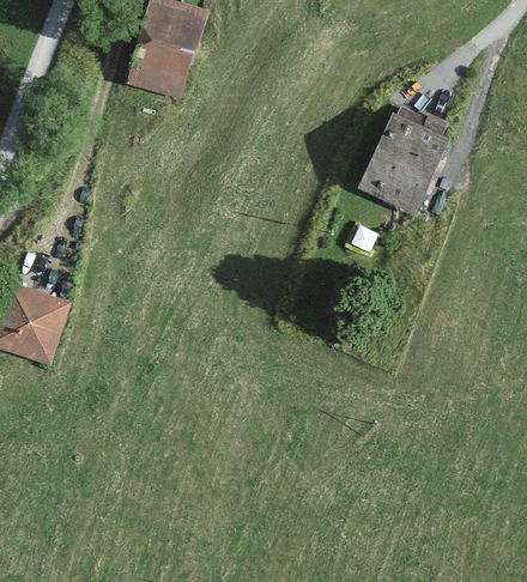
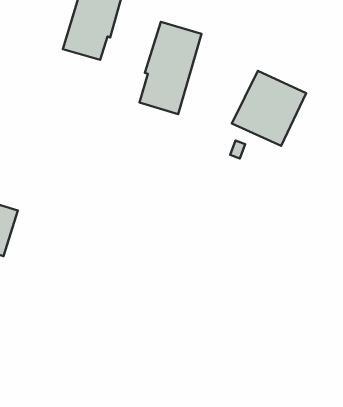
building: none -> [140,22,201,114]

